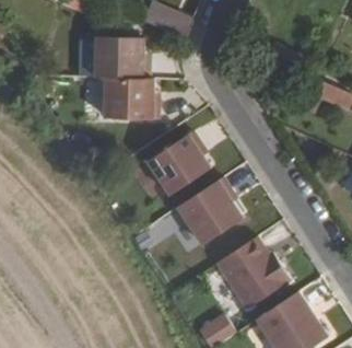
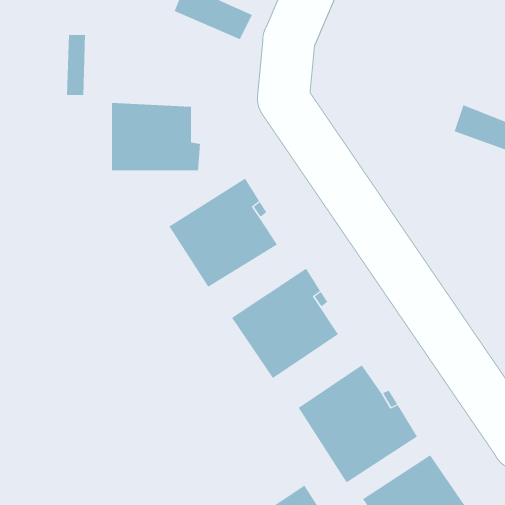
building: [94,36,149,79] -> none

